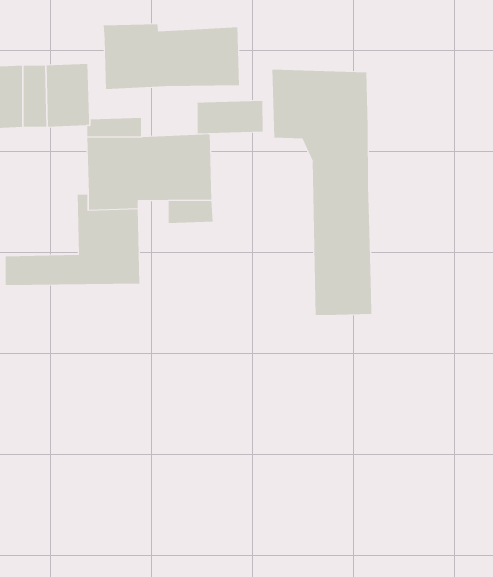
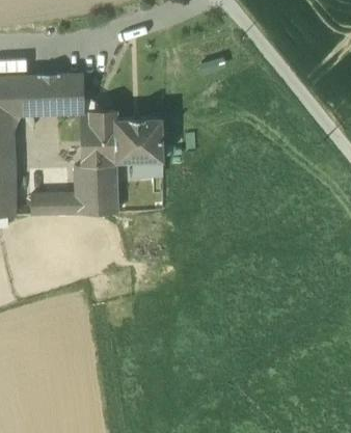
building: [103,24,240,90] -> none
building: [272,69,372,316] -> none
building: [197,100,263,134] -> none

